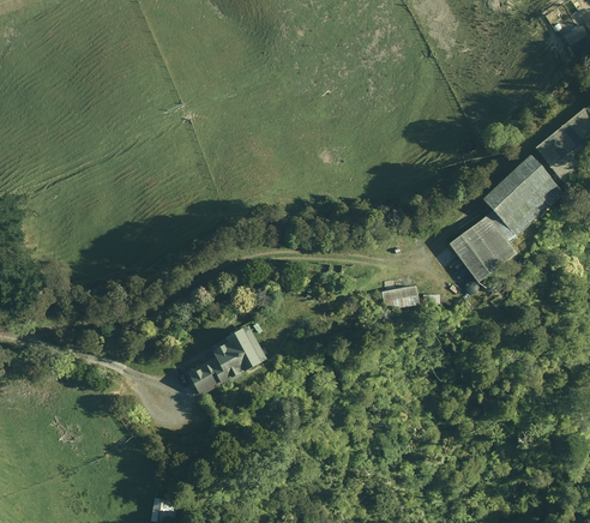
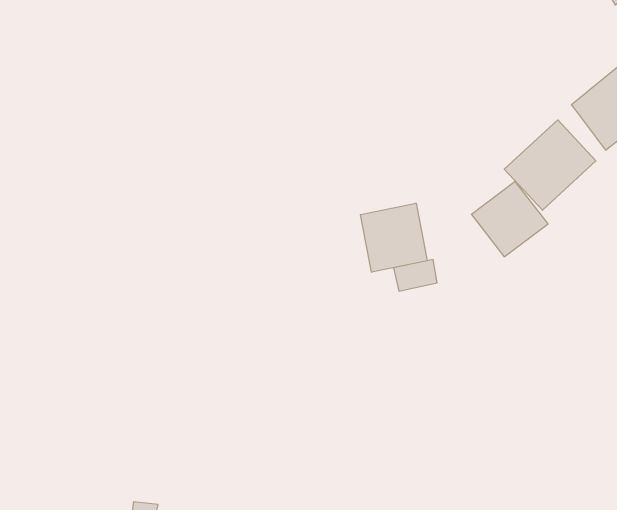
building: none -> [360,203,427,272]
building: [187,325,266,396] -> none

